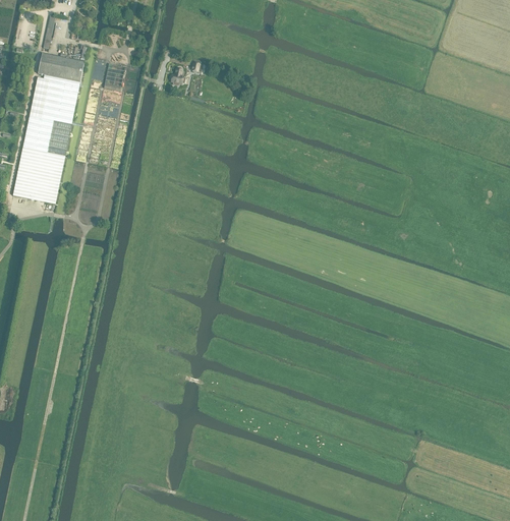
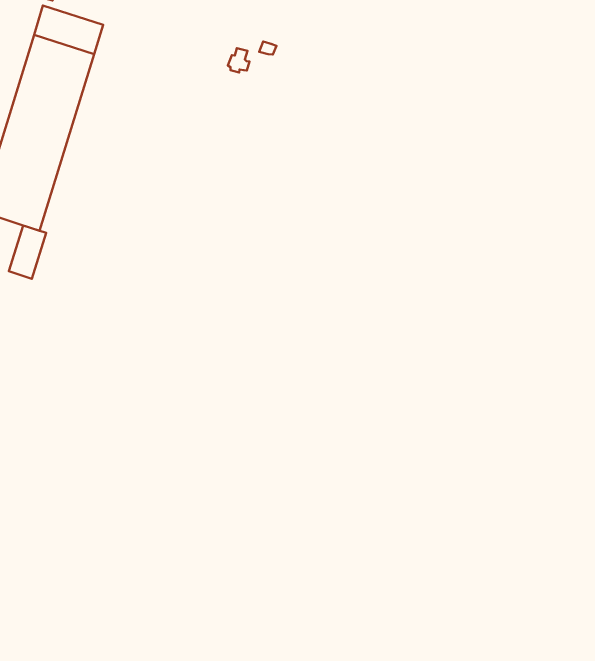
building: none -> [9,225,46,279]

